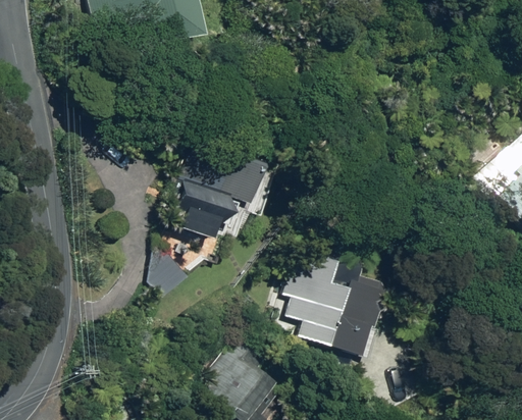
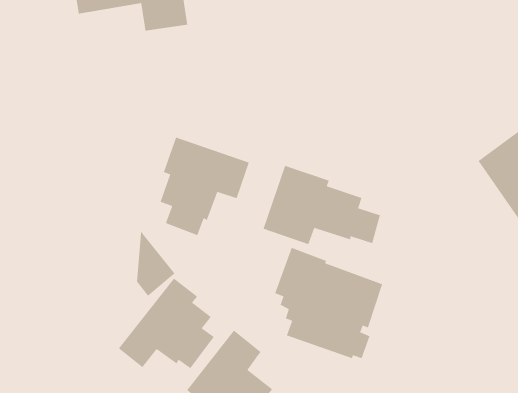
building: none -> [262,165,381,245]
building: none -> [118,278,215,369]

